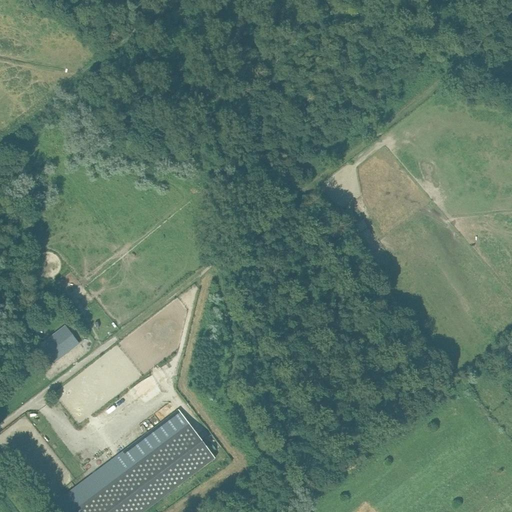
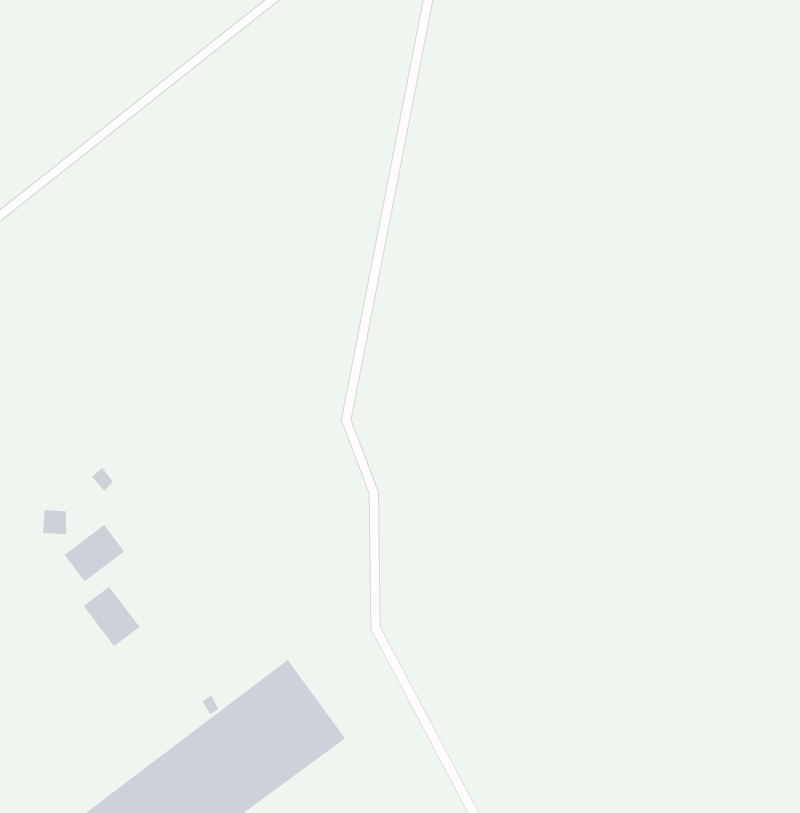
building: none -> [82,586,141,647]

